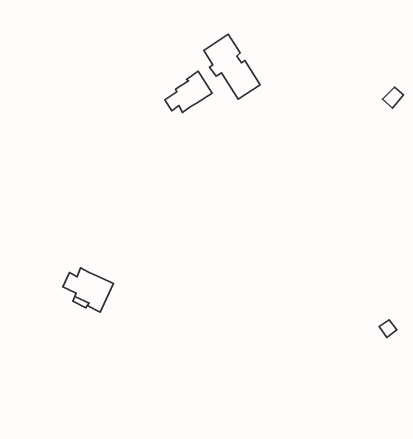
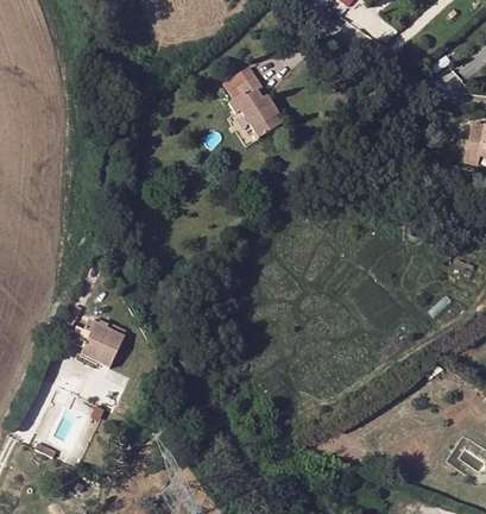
building: [165,71,212,112] -> none

